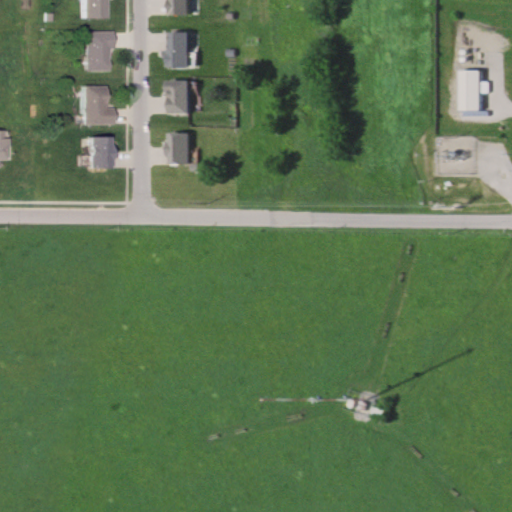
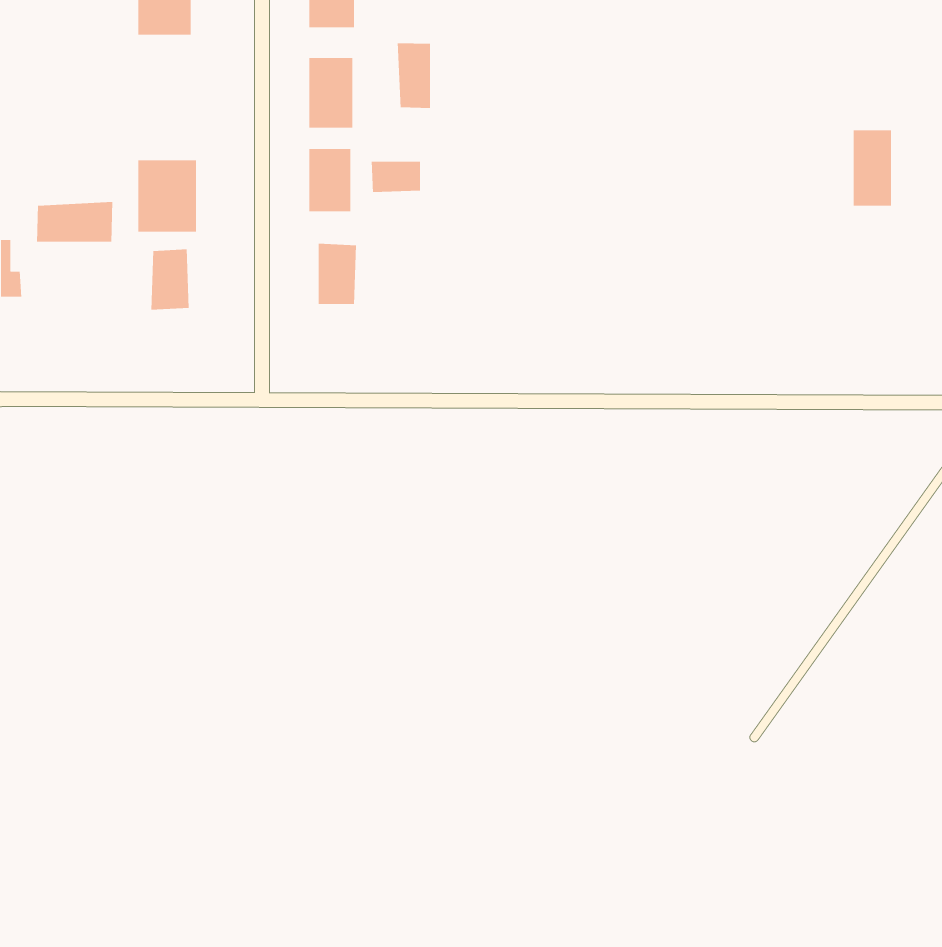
building: none -> [397,42,431,109]
building: [81,31,107,71] -> none
building: none -> [371,161,421,193]
building: none -> [37,201,113,242]

